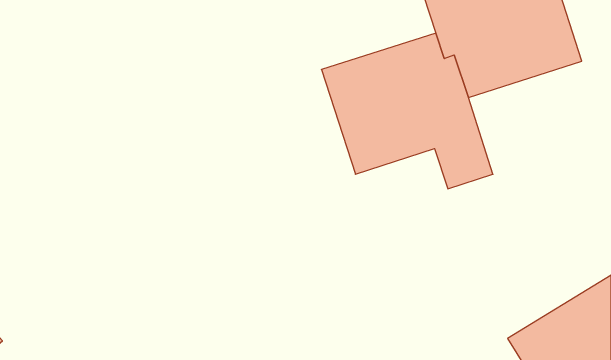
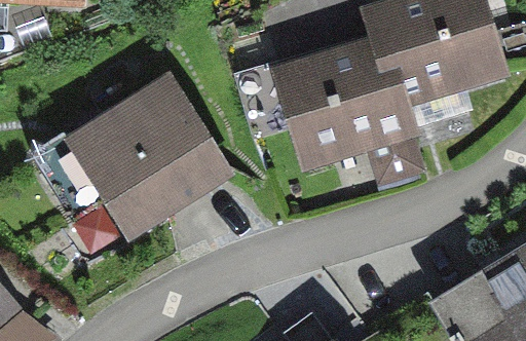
building: none -> [77,85,223,229]

